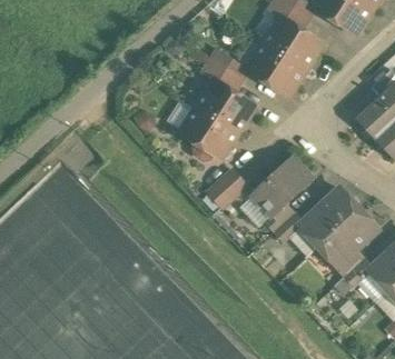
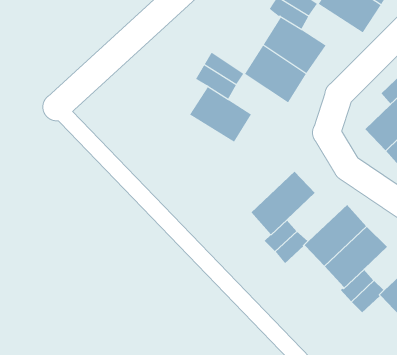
building: [179,106,238,158] -> none
building: [208,170,245,206] -> none

